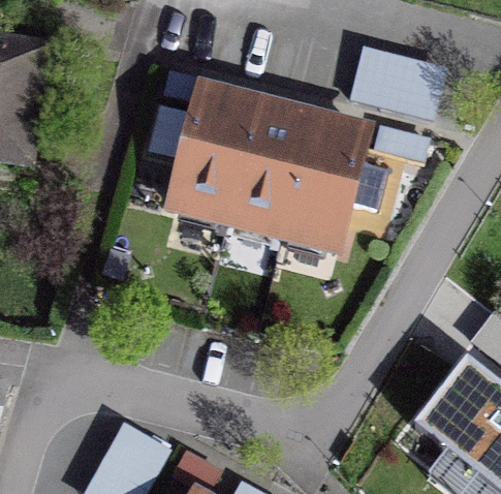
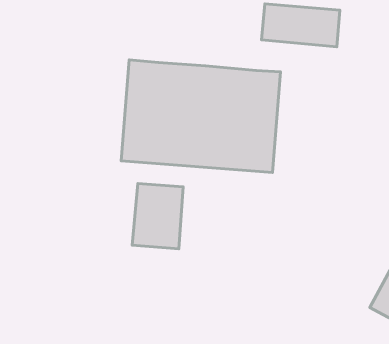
building: none -> [132,184,183,249]

